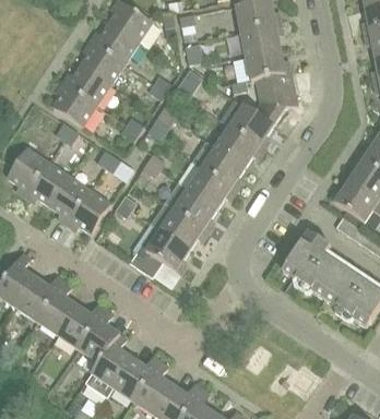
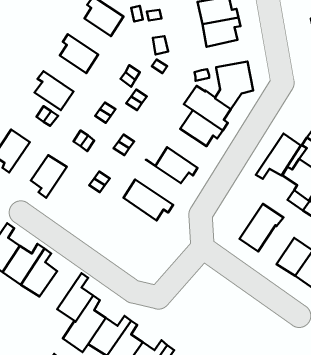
building: [90,23,138,63] -> none
building: [245,47,290,80] -> none
building: [62,64,110,105] -> none
building: [192,140,245,190] -> none
building: none -> [256,134,301,179]
building: [24,161,68,204] -> none
building: [164,181,216,231] -> none
building: [66,189,110,232] -> none
building: [129,222,189,277] -> none
building: [302,254,343,298] -> none
building: [58,303,105,348] -> none

